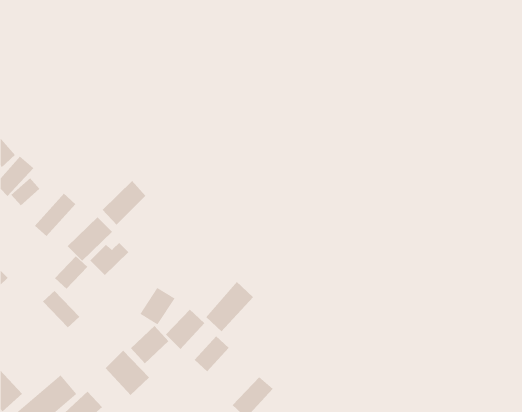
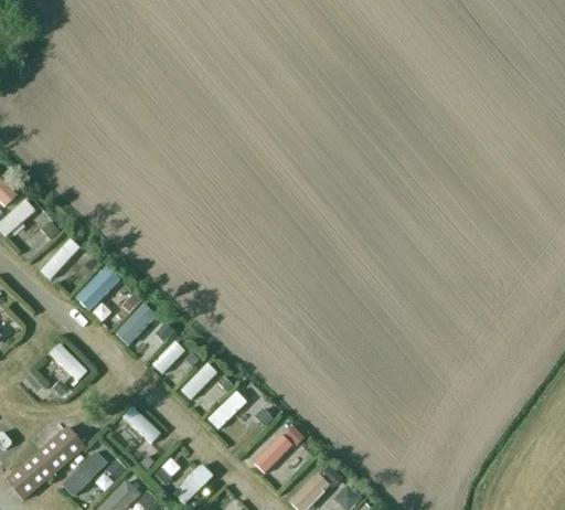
building: [102,180,146,225] -> none
building: [54,256,88,289] -> [114,306,150,342]
building: [206,281,254,332] -> none
building: [130,325,169,364] -> none

